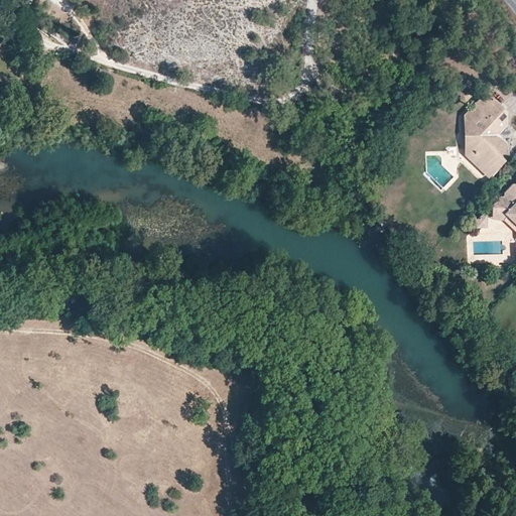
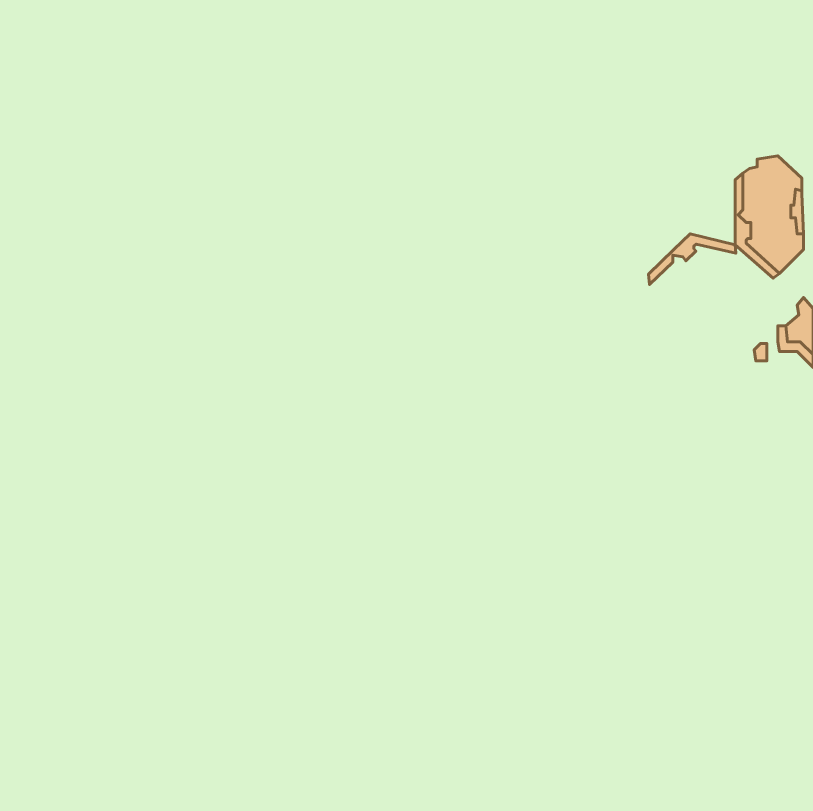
building: none -> [649,234,736,285]

